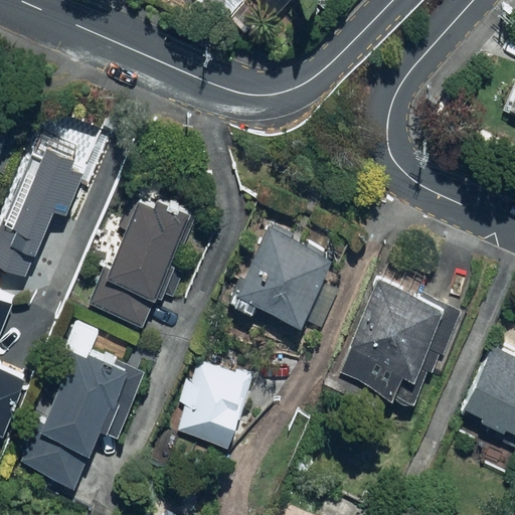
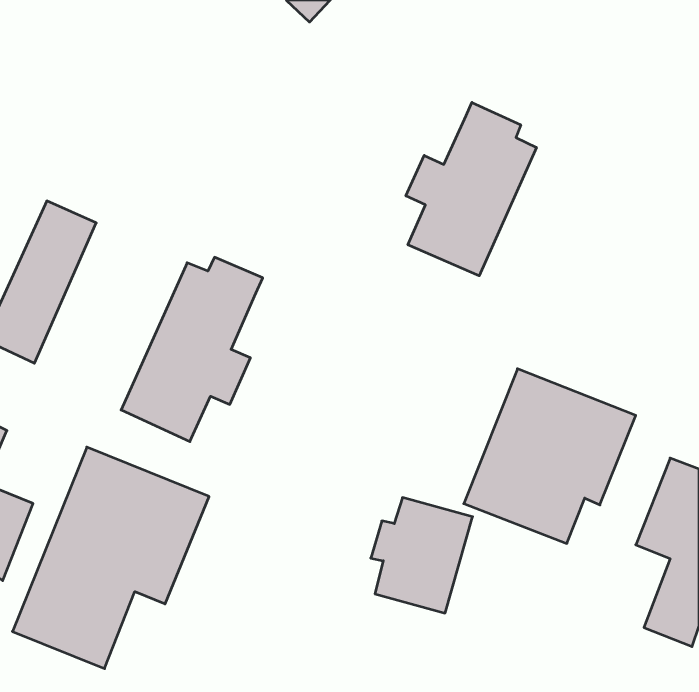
building: none -> [406,102,536,276]
building: [232,225,337,332] -> none
building: [177,362,251,447] -> [371,498,473,613]

